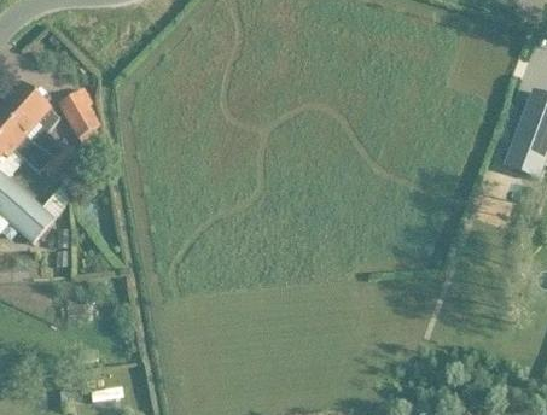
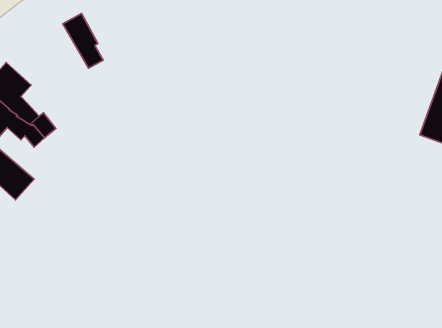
building: [58,89,105,153] -> [63,14,103,68]

